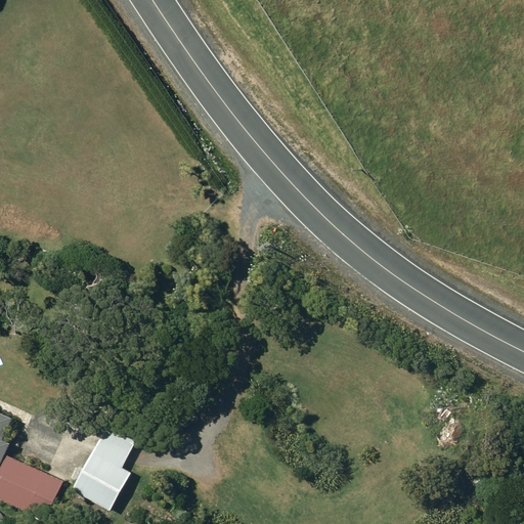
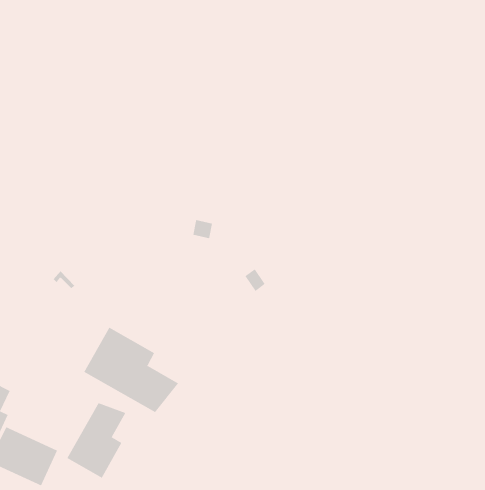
building: none -> [83,327,179,413]

